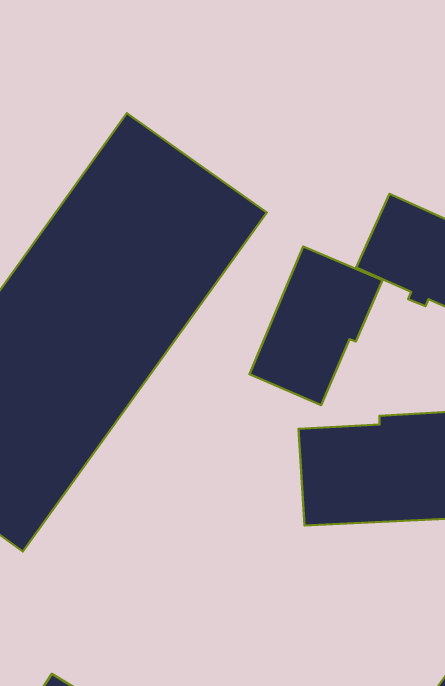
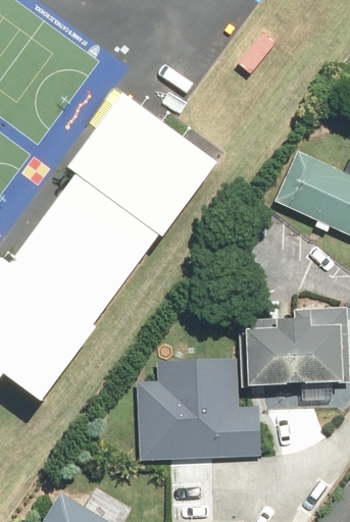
building: [250,246,382,405] -> none
building: none -> [138,359,255,457]

